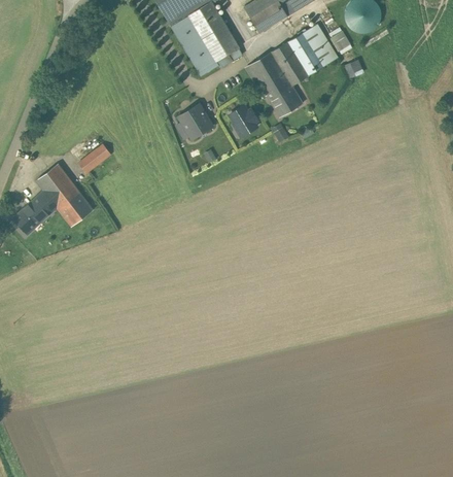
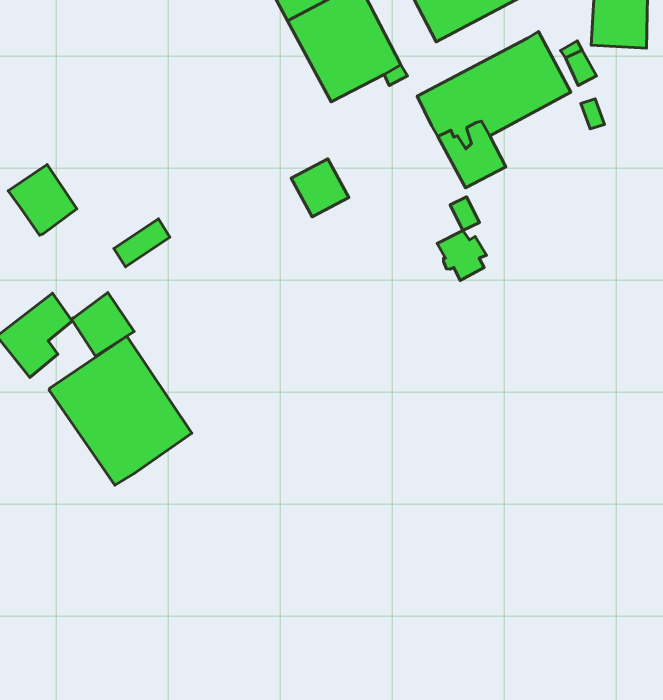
building: [229,106,257,135] -> [437,231,487,280]
building: [36,164,76,205] -> [8,164,77,235]
building: none -> [49,336,192,485]

